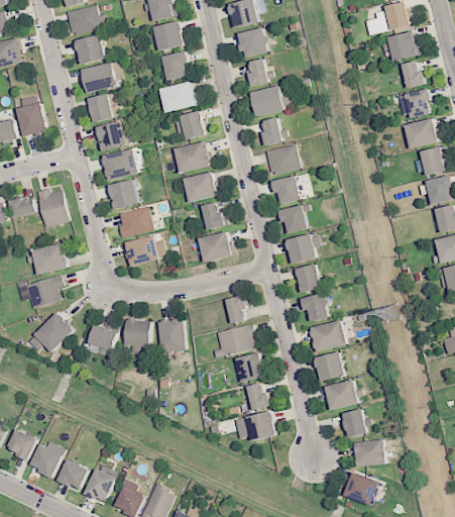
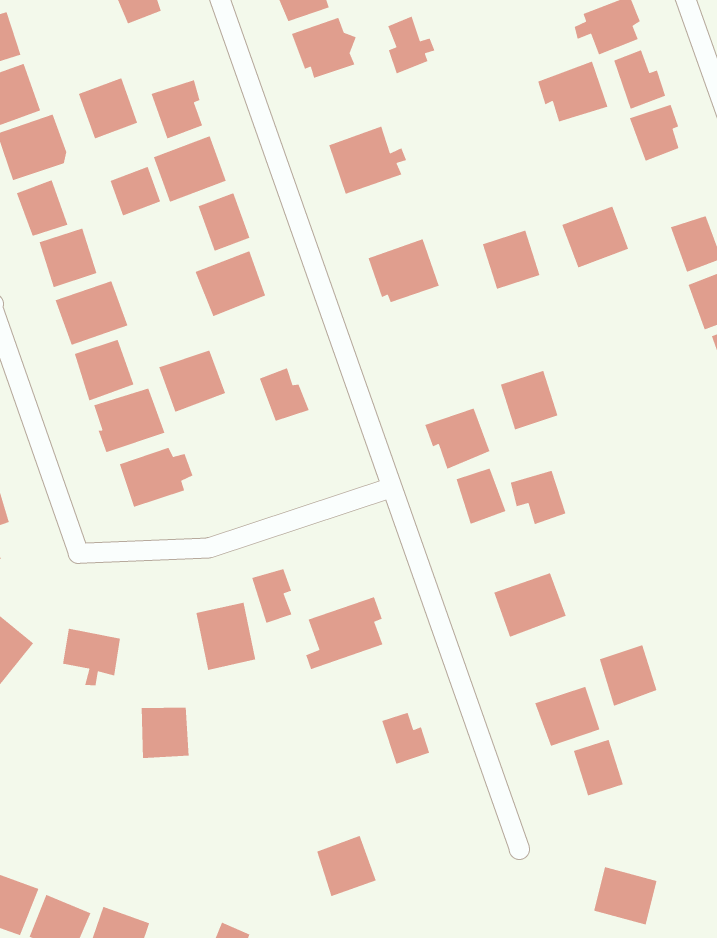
building: [153,20,183,50] -> [78,77,138,139]
building: [247,58,271,87] -> [387,16,435,75]
building: none -> [537,61,608,122]
building: none -> [109,166,161,216]
building: [261,116,286,144] -> none
building: [404,117,437,147] -> [561,205,629,268]
building: [184,172,217,202] -> [158,350,226,413]
building: [271,175,300,204] -> [482,229,541,290]
building: [278,204,307,233] -> [500,370,558,430]
building: [199,230,232,261] -> none
building: [301,293,328,320] -> [510,470,567,525]
building: [225,296,245,323] -> [251,568,293,624]
building: [125,319,150,346] -> [141,707,190,759]
building: [233,351,261,383] -> none
building: [315,352,343,383] -> [599,644,658,707]
building: [246,410,275,440] -> [316,835,377,897]
building: [355,440,384,466] -> none

